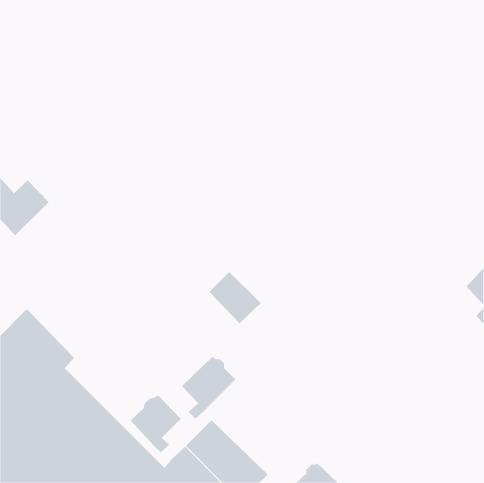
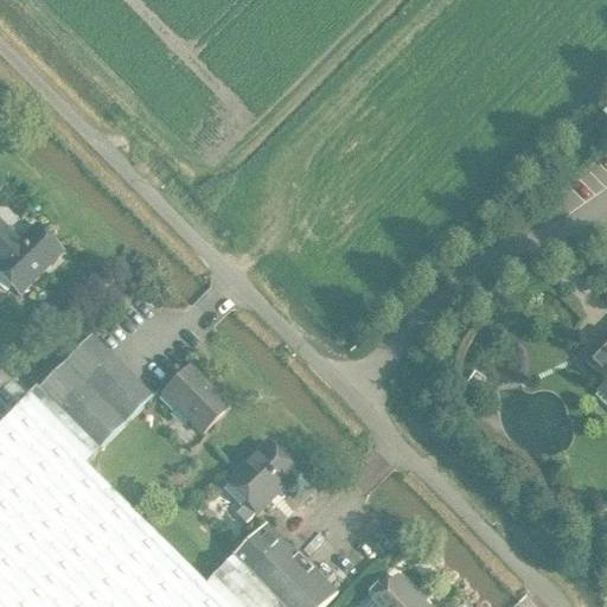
building: none -> [37,337,151,451]
building: [208,271,261,324] -> [162,368,229,434]
building: [130,394,182,453] -> none

